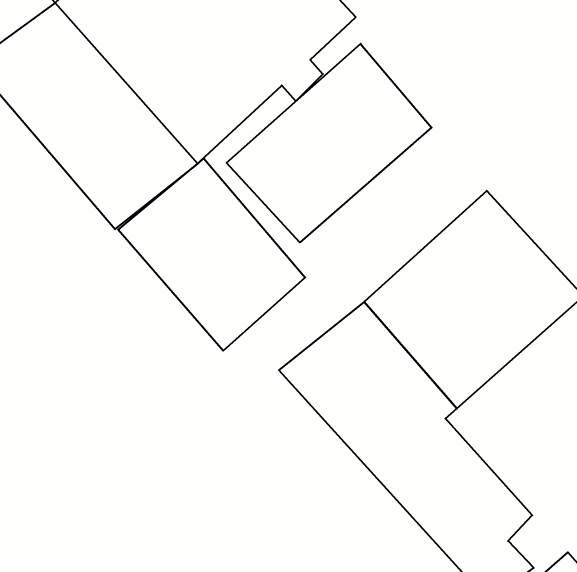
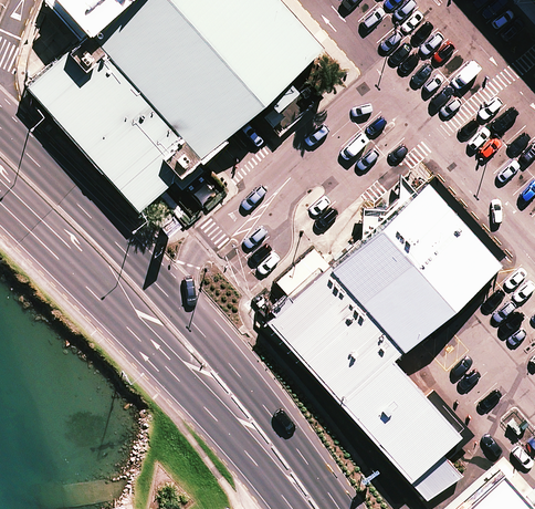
building: [227,44,432,242] -> none
building: [118,158,305,351] -> none

